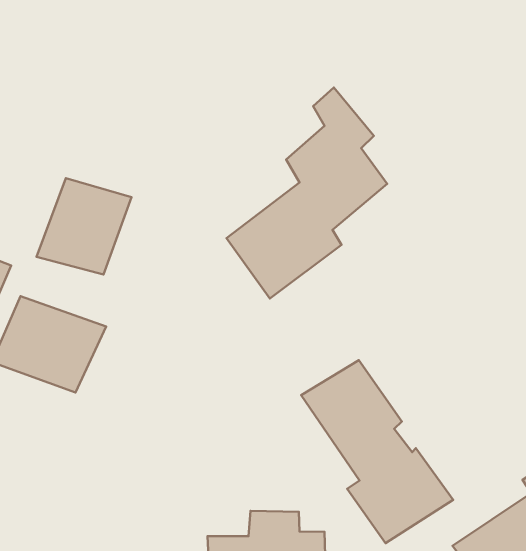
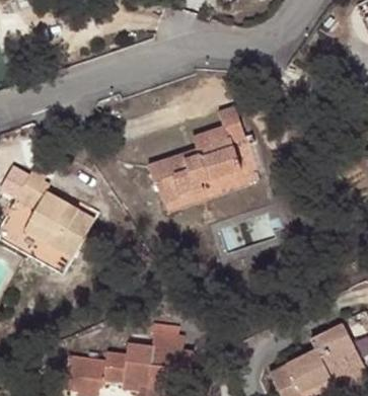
building: [37,178,131,275] -> none
building: [301,360,453,543] -> none

